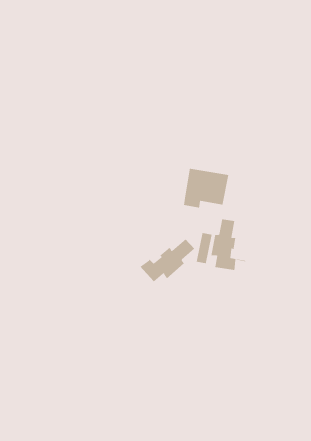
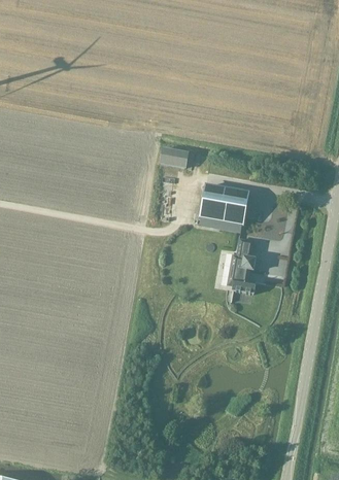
building: none -> [160,147,189,169]
building: [139,238,195,290] -> none

